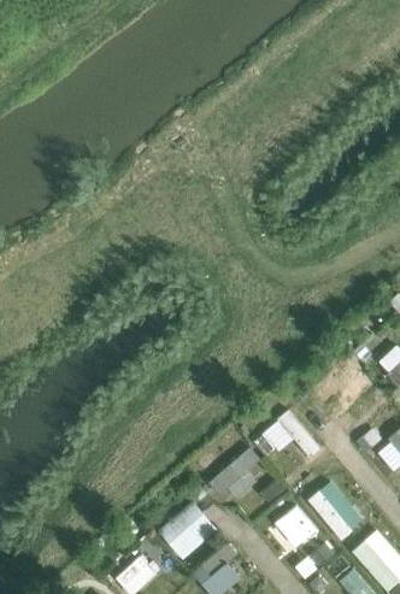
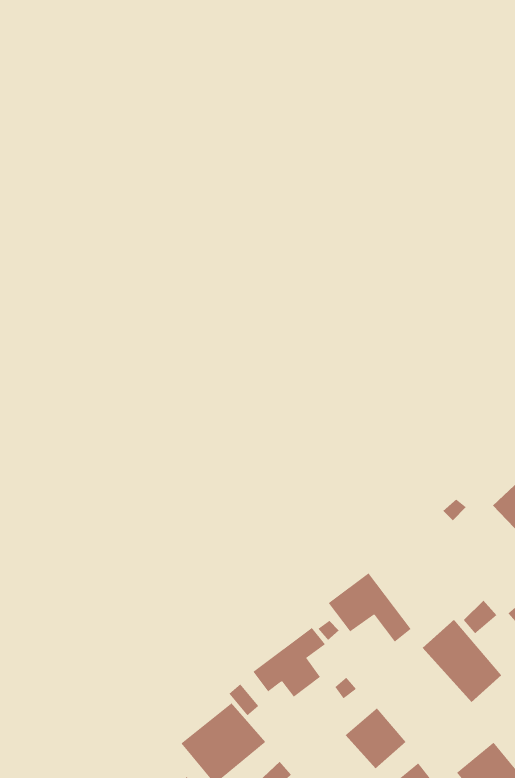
building: [307,481,364,540] -> [422,619,502,703]

